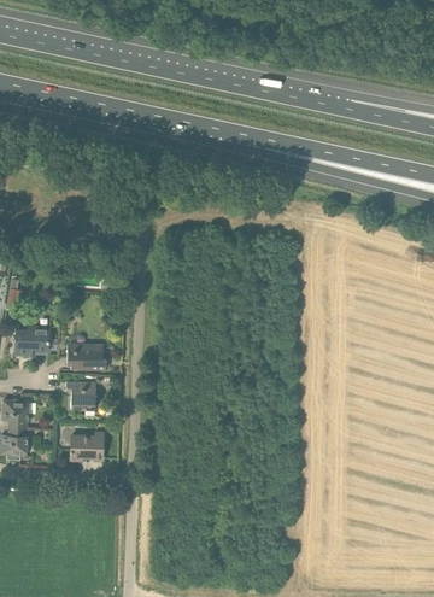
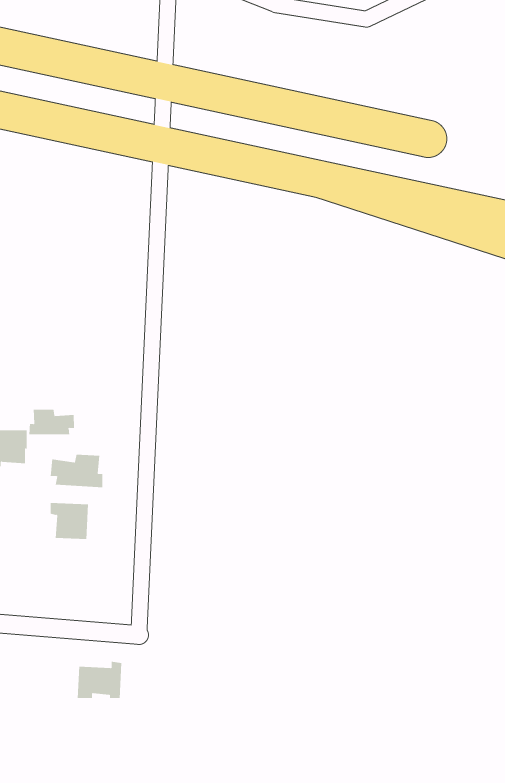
building: none -> [29,409,75,435]
building: [70,432,104,460] -> [77,661,122,698]

